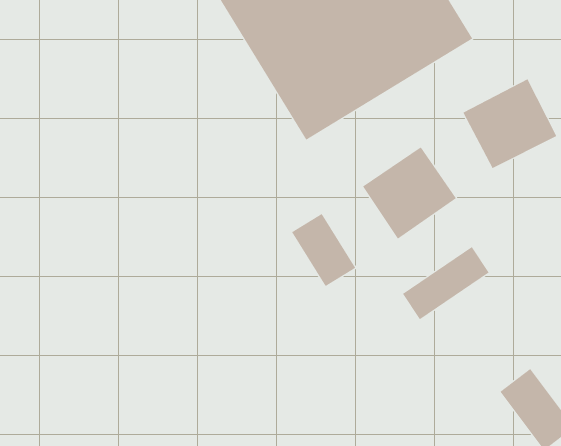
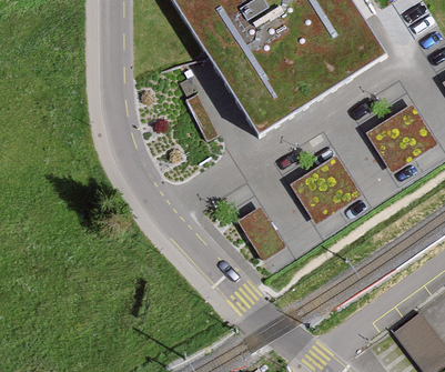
building: [402,246,490,320] -> none

